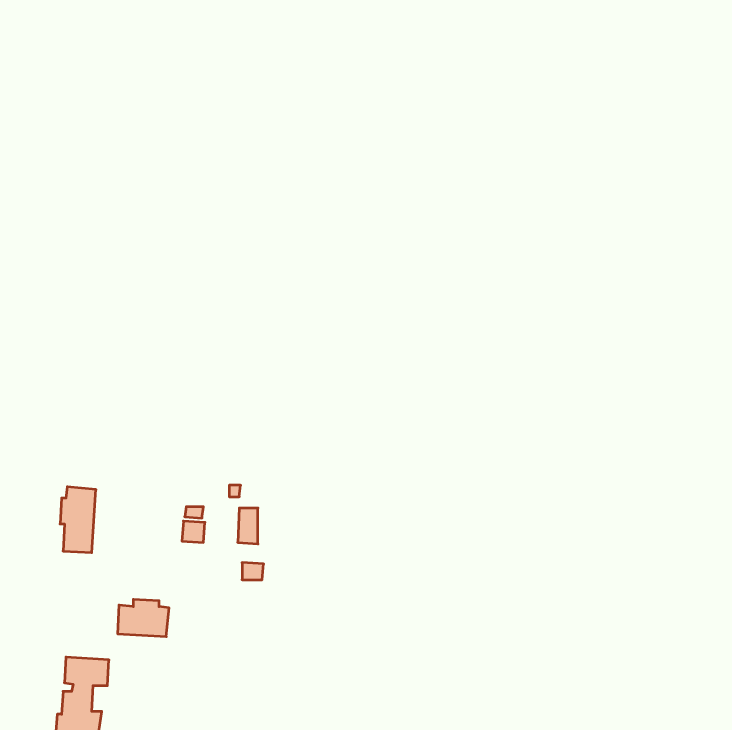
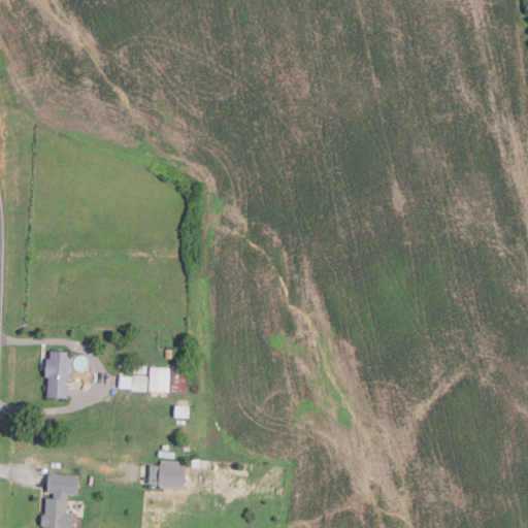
building: none -> [148,368,170,392]
building: [118,599,169,637] -> [148,461,186,488]

